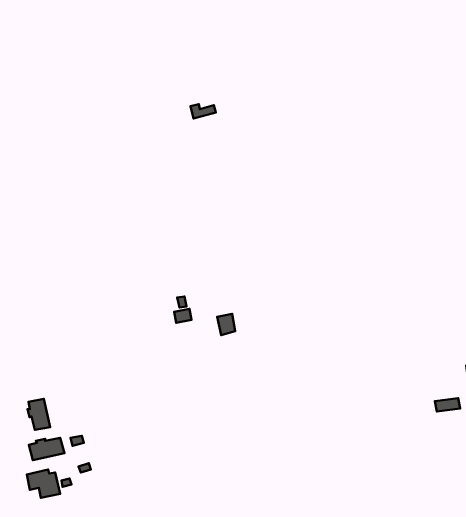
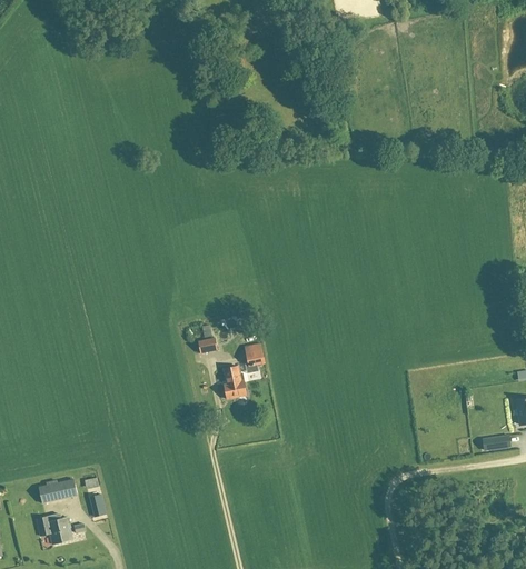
building: none -> [222,366,246,399]
building: [28,399,50,430] -> none

